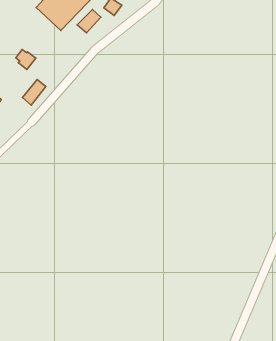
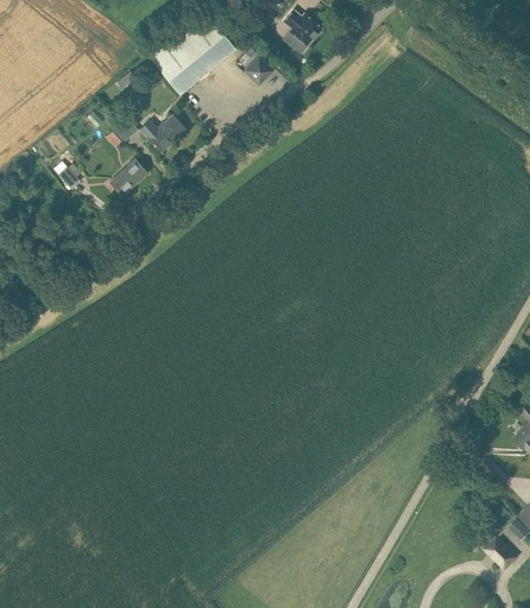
building: [77,9,101,33] -> none
building: none -> [140,116,184,152]

